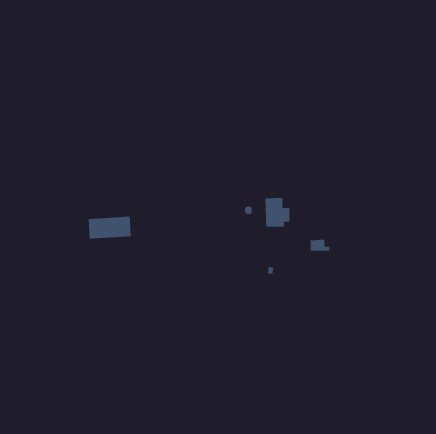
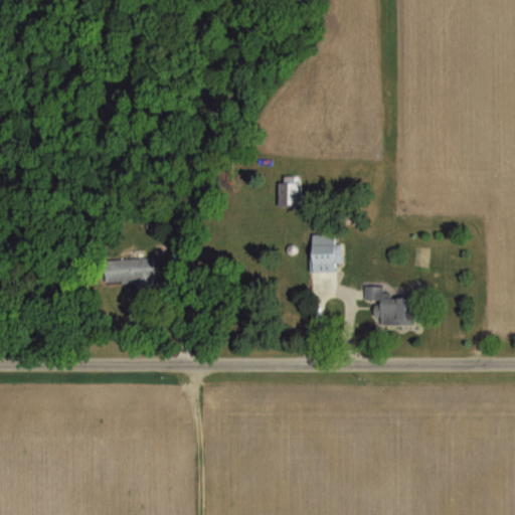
building: none -> [279,177,300,207]
building: none -> [373,303,411,324]

